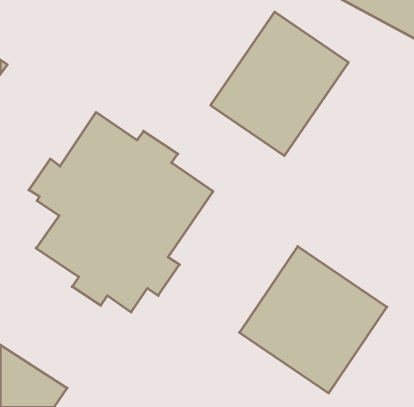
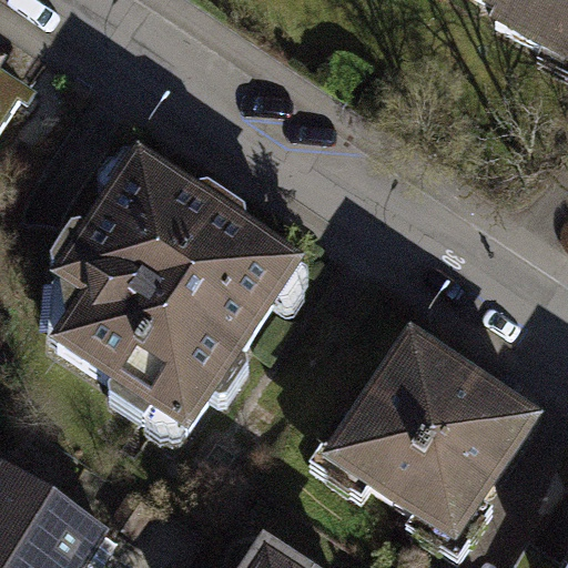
building: [211,12,348,156] -> none

